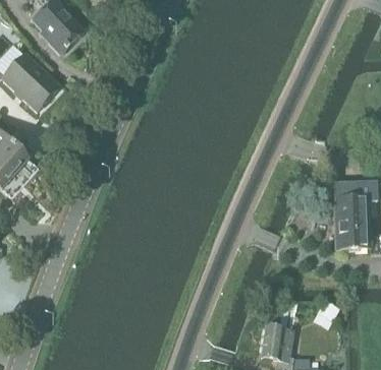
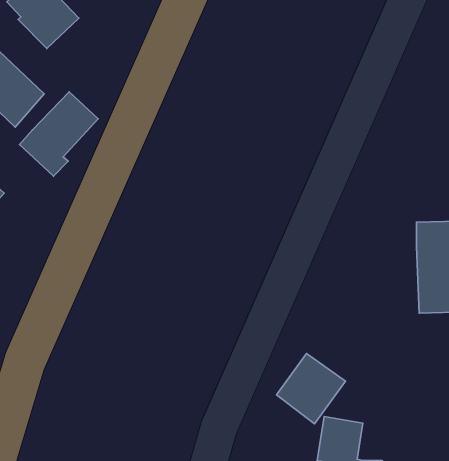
building: none -> [20,92,98,176]
building: none -> [276,353,345,424]

